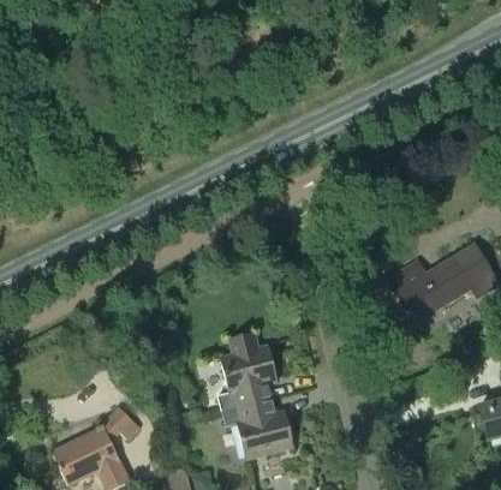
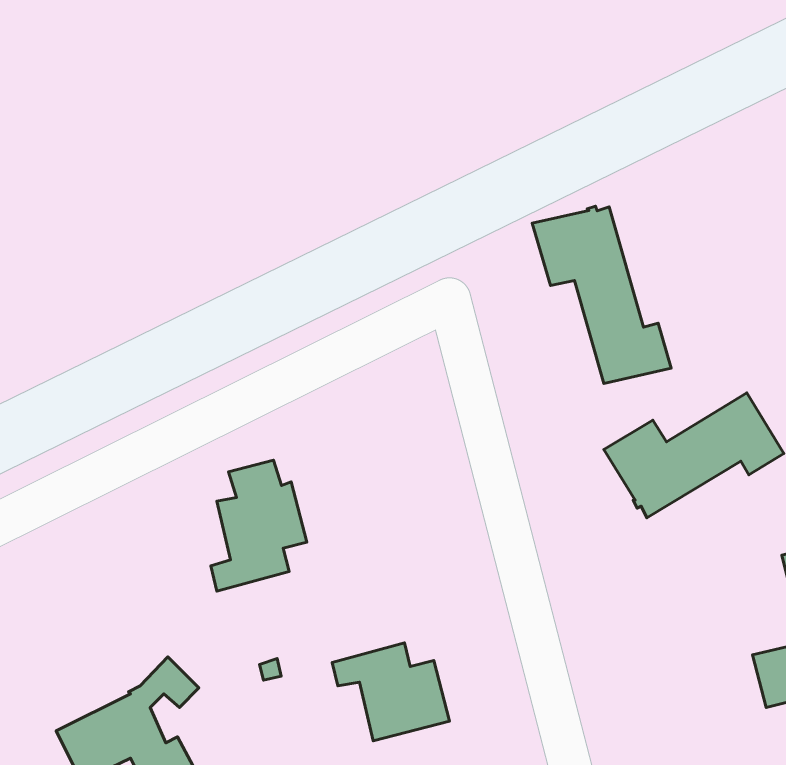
building: none -> [532,206,671,384]
building: [217,330,276,411] -> [211,460,307,591]

